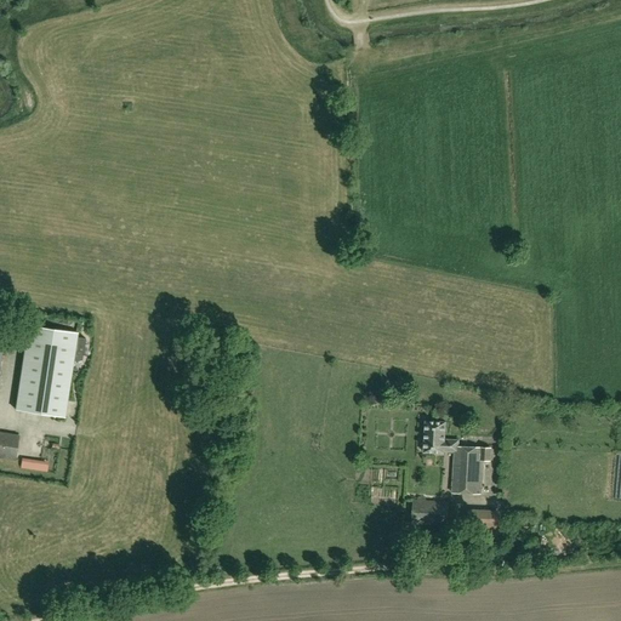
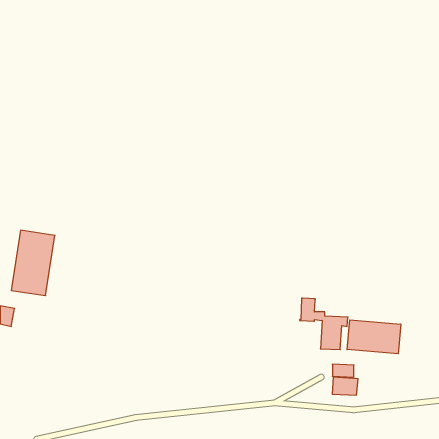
building: none -> [347,320,401,354]
building: [412,500,449,525] -> [332,377,358,395]

